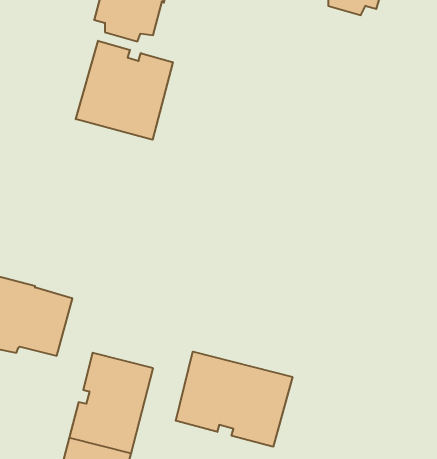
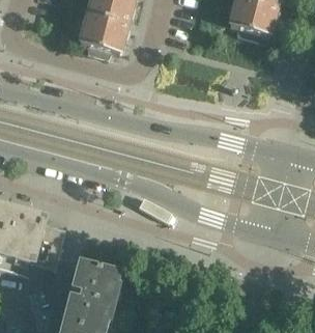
building: [76,41,173,140] -> none
building: [176,352,292,447] -> none

